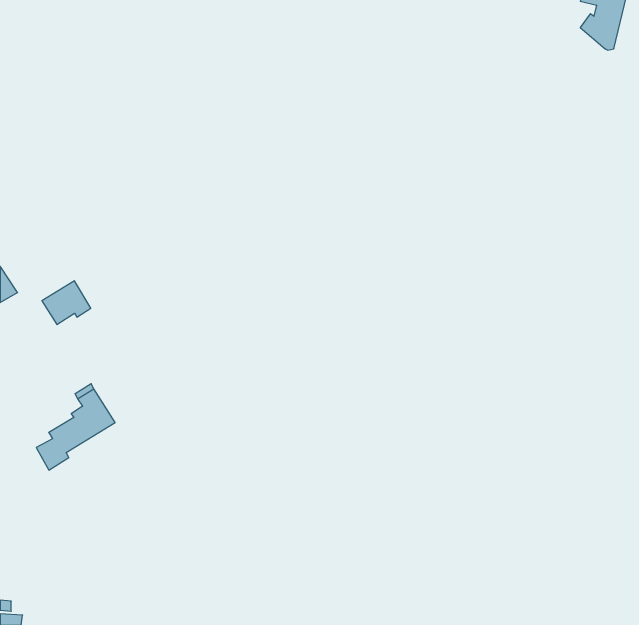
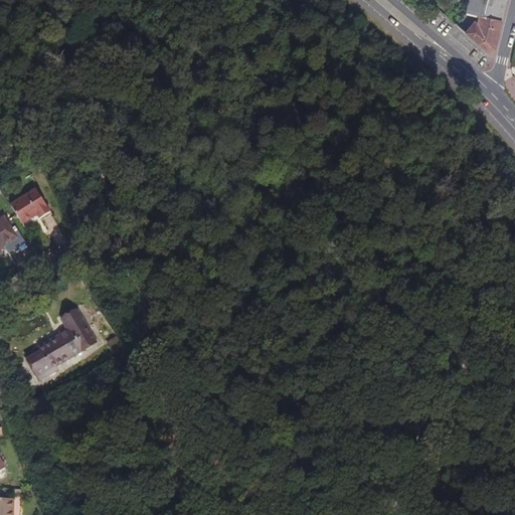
building: [42,281,91,325] -> [9,192,48,227]

